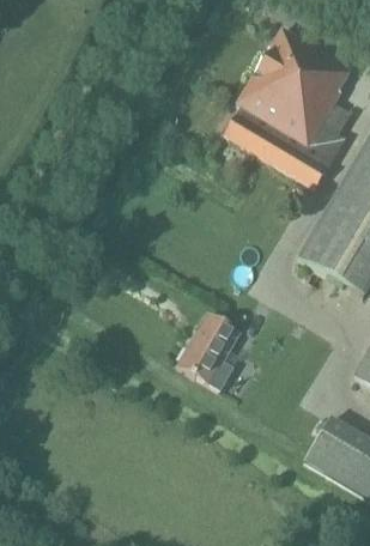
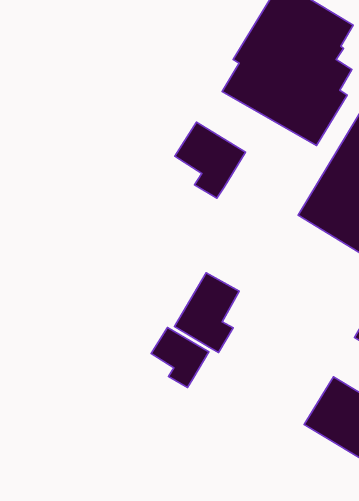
building: none -> [175,122,245,198]
building: none -> [151,327,209,388]

